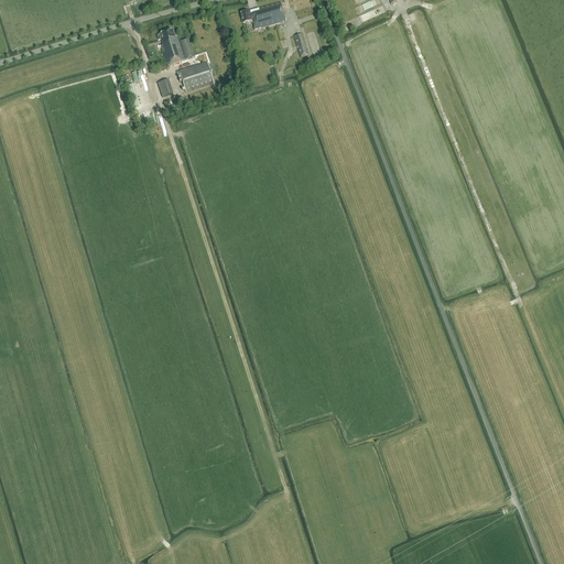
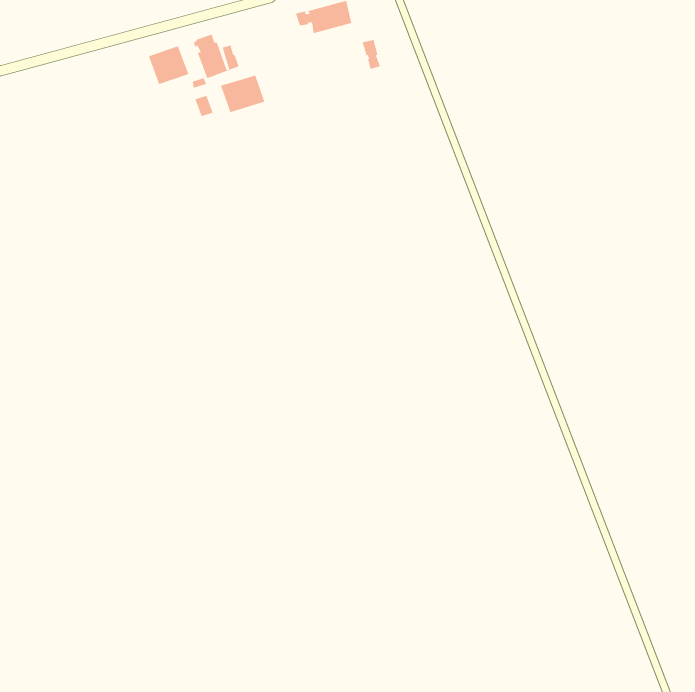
building: none -> [148,46,189,85]

